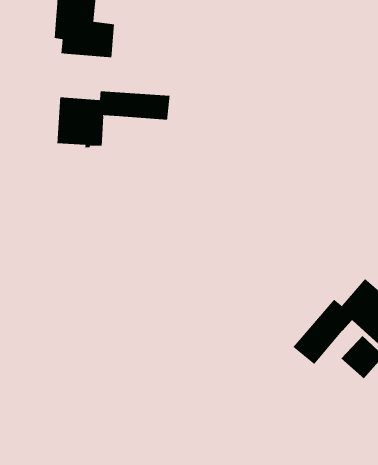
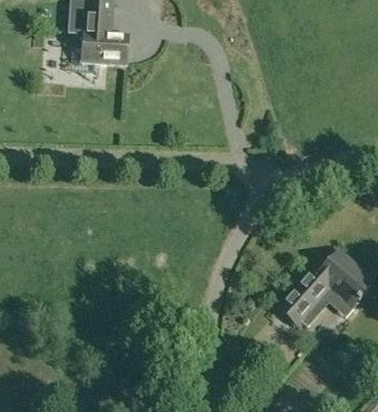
building: [57,90,170,148] -> none

